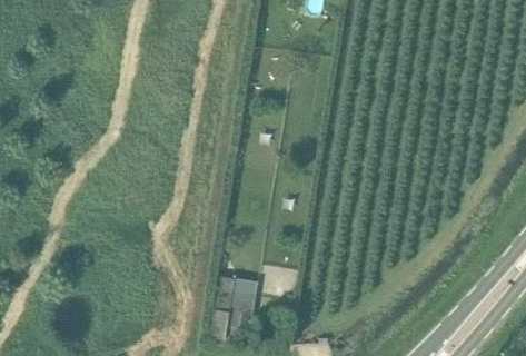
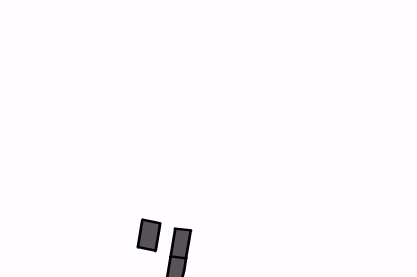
building: none -> [138,220,160,251]

